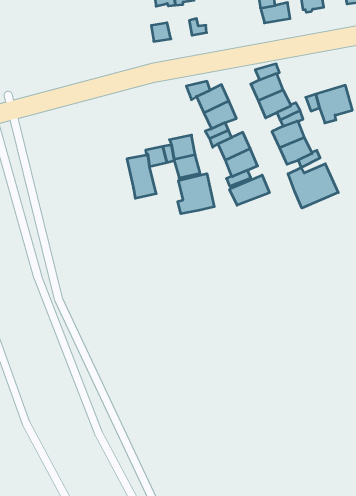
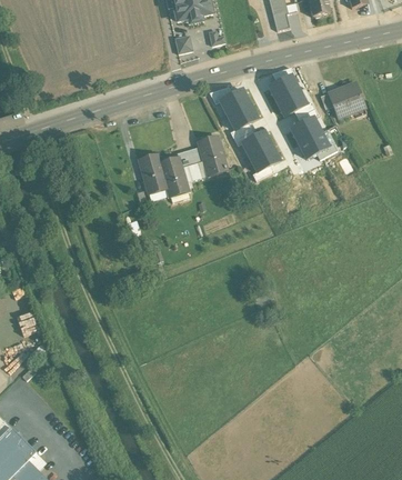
building: none -> [139,153,168,193]
building: [288,164,338,208] -> none
building: [178,174,214,214] -> none
building: [230,175,269,205] -> none

